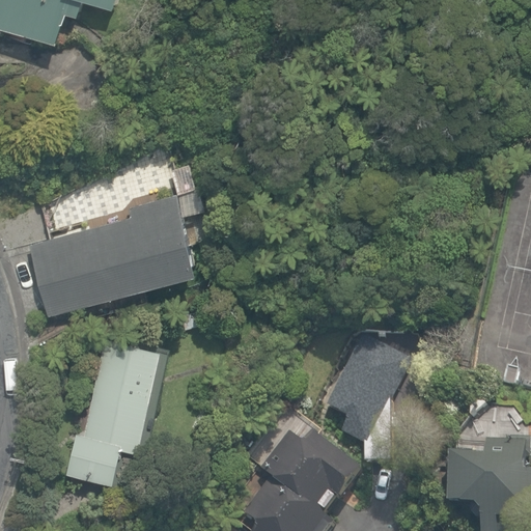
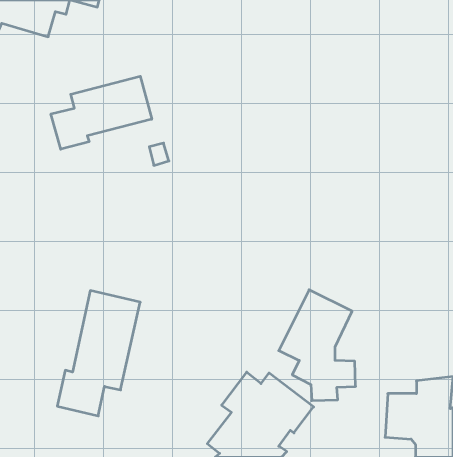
building: none -> [51,76,152,149]
building: [28,193,198,315] -> none

